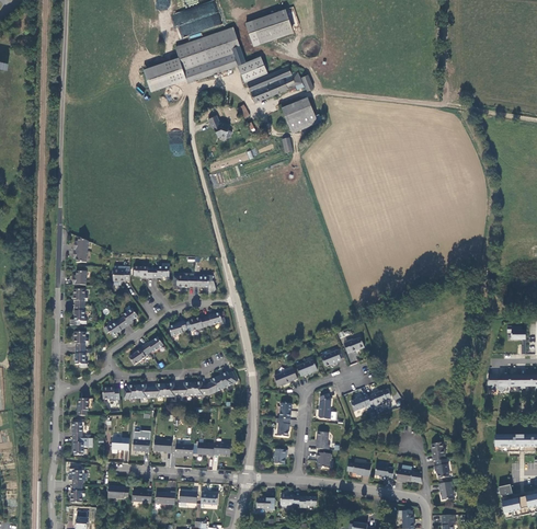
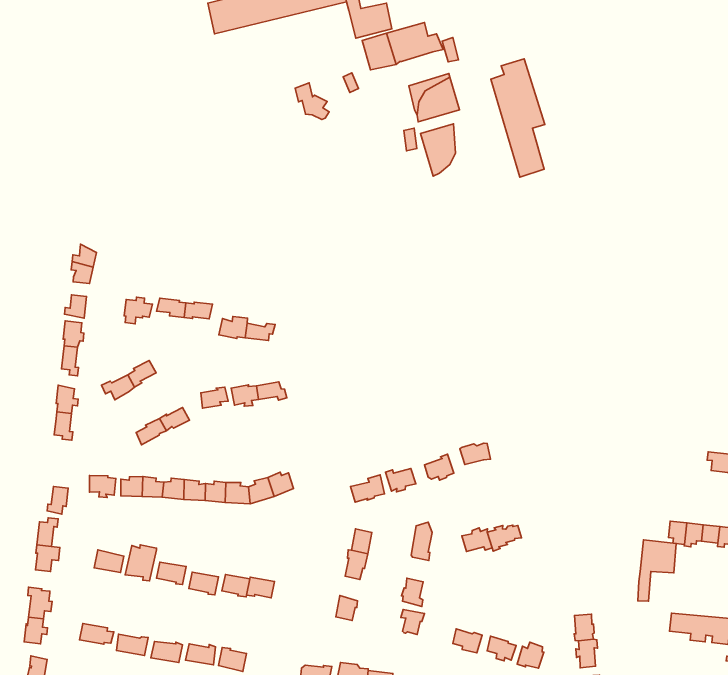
building: none -> [491,59,545,177]
building: none -> [420,124,456,176]
building: none -> [638,540,676,601]

